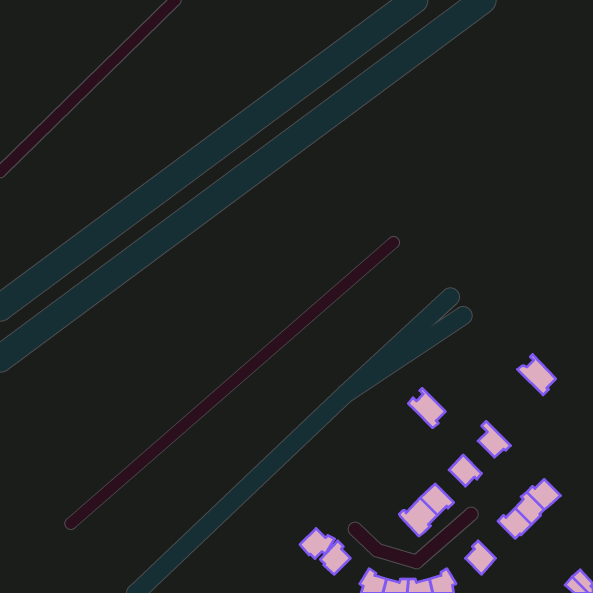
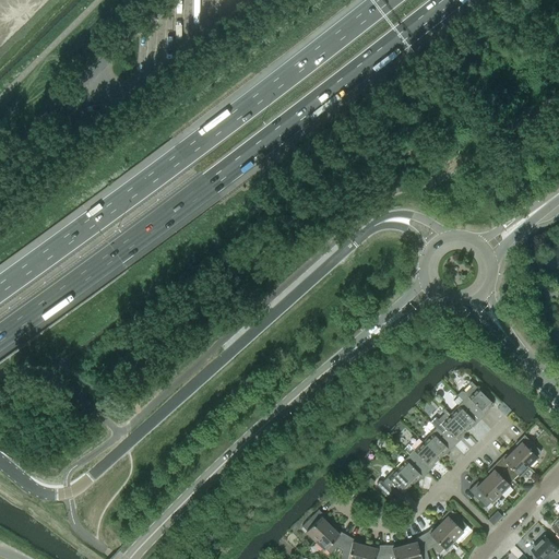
building: [517,354,556,395] -> [456,381,492,419]
building: [408,388,445,428] -> [430,408,465,445]
building: none -> [512,435,540,466]
building: none -> [409,442,438,473]
building: [300,528,335,559] -> [314,525,347,554]
building: none -> [420,525,453,554]

